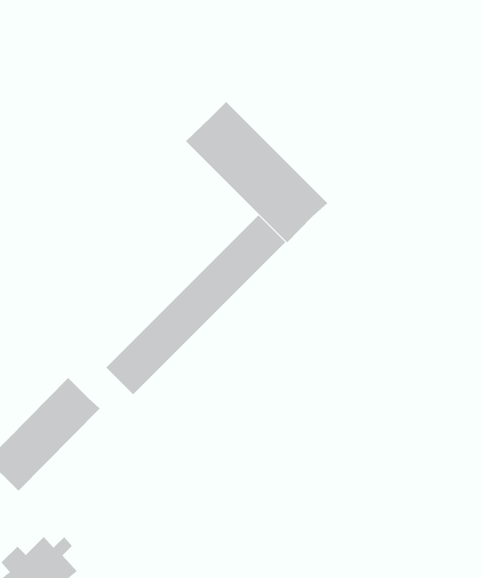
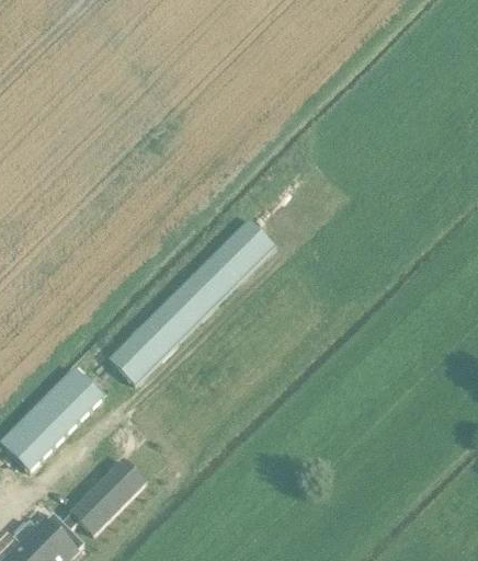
building: [185,101,328,243] -> none
building: none -> [70,458,146,534]

